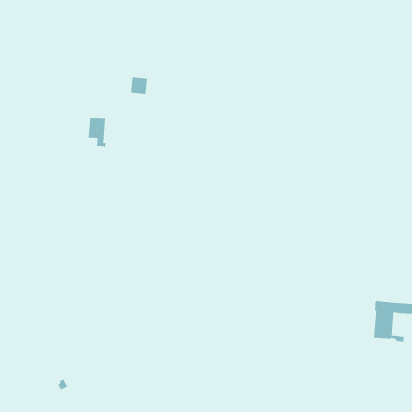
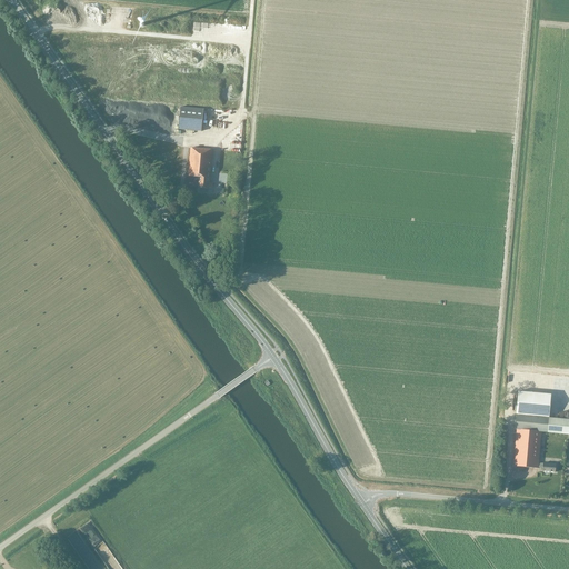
building: [88,118,107,147] -> [189,147,214,188]
building: none -> [517,391,541,416]

